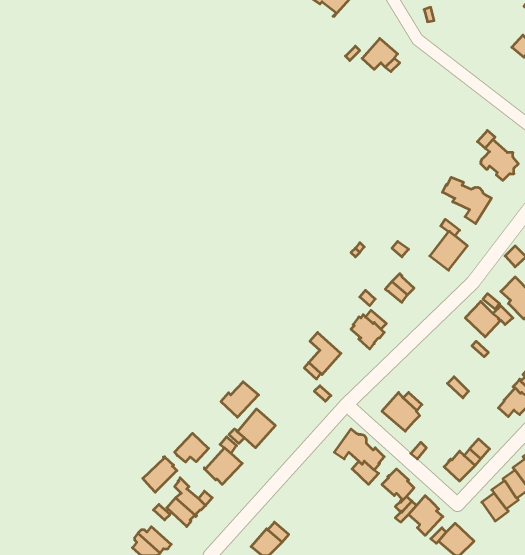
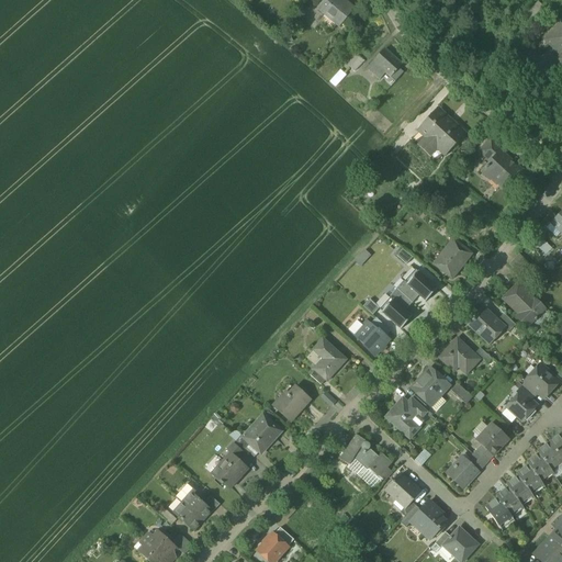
building: none -> [419,110,463,153]
building: [442,177,491,224] -> none
building: none -> [406,269,438,300]
building: none -> [381,297,413,328]
building: none -> [439,337,480,372]
building: none -> [411,367,449,405]
building: [221,382,259,417] -> [273,385,311,420]
building: none -> [476,423,508,453]
building: [175,433,209,462] -> none
building: [143,457,177,492] -> none

